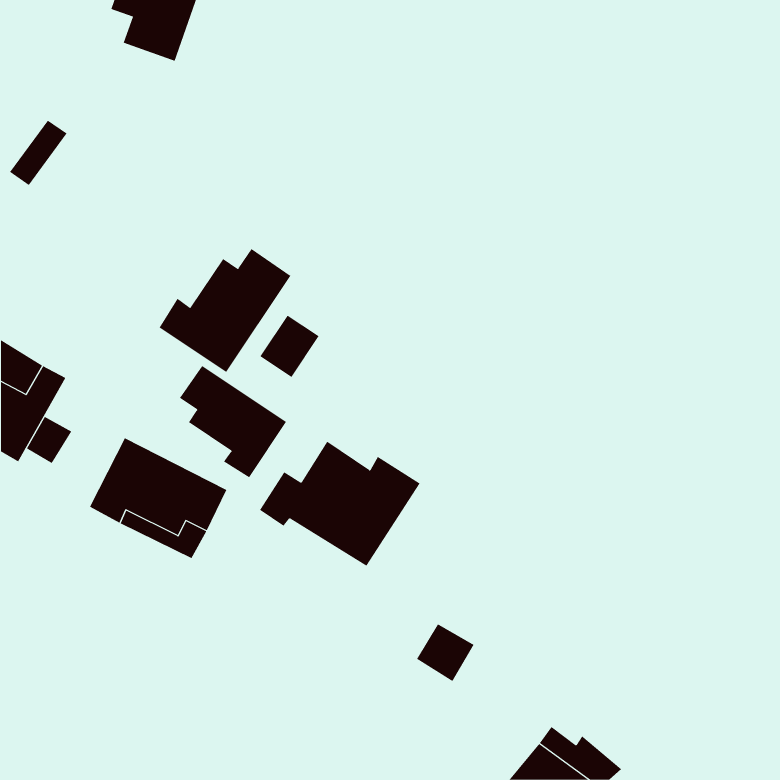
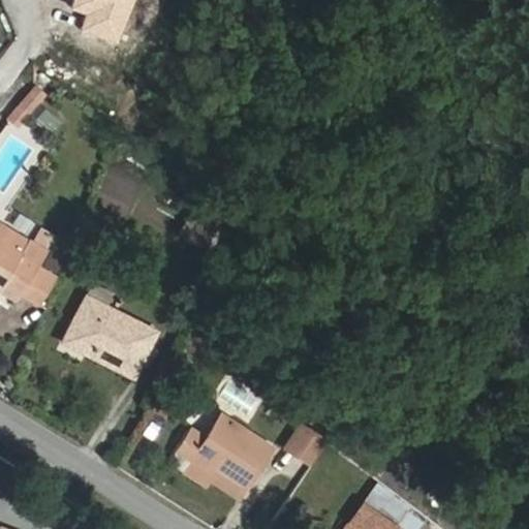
building: [159,248,291,373] -> none
building: [179,365,287,478] -> none
building: [259,441,420,567] -> [166,412,275,497]

